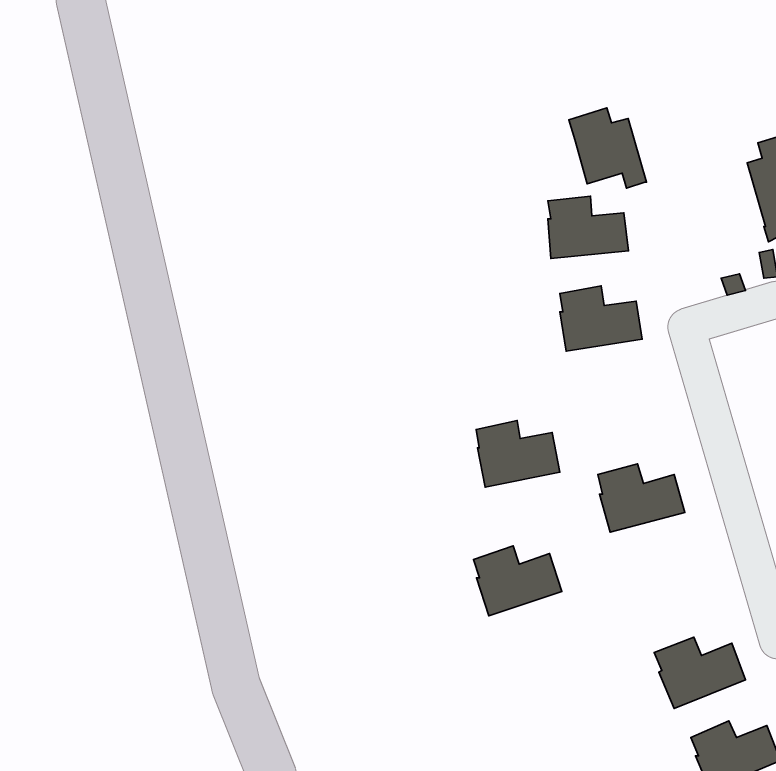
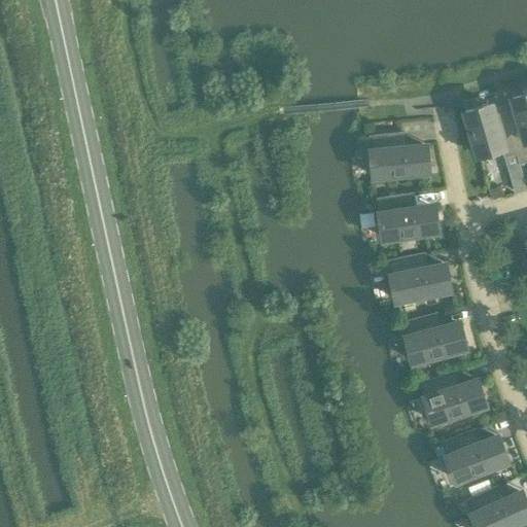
building: [569,108,646,188] -> [466,107,519,162]
building: [476,420,560,487] -> [391,258,448,304]
building: [474,546,562,616] -> [423,378,483,425]

